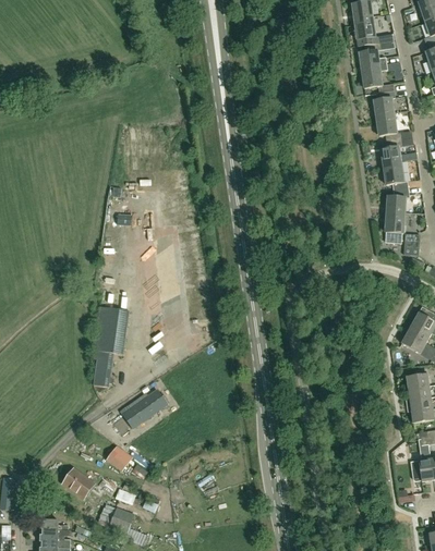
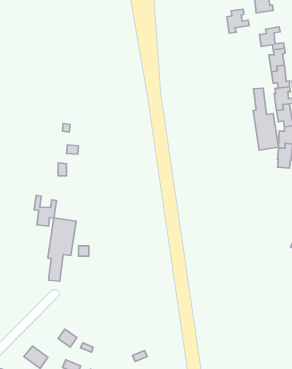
building: [359,42,387,73] -> [227,9,249,33]
building: none -> [253,88,278,150]
building: none -> [34,195,57,226]
building: [122,390,167,428] -> none

